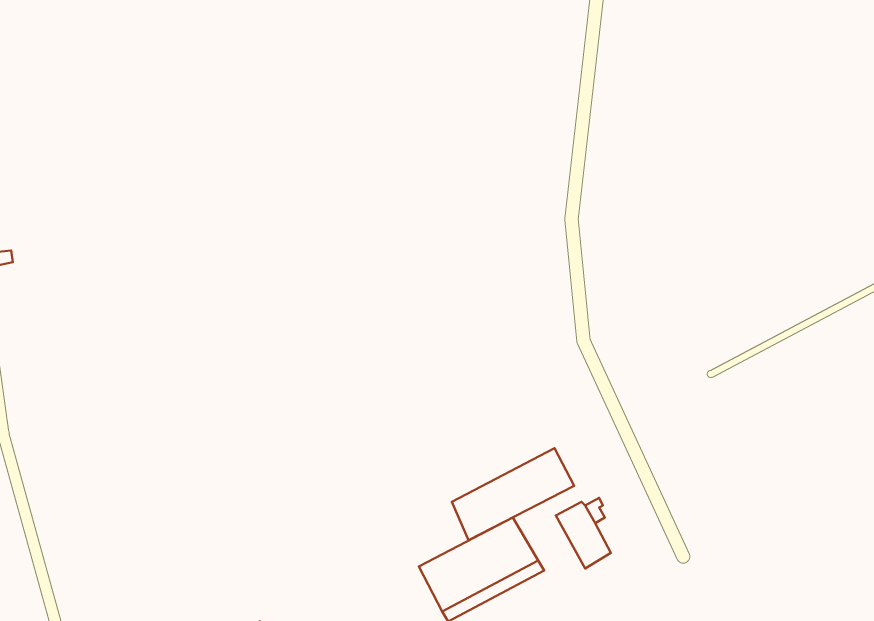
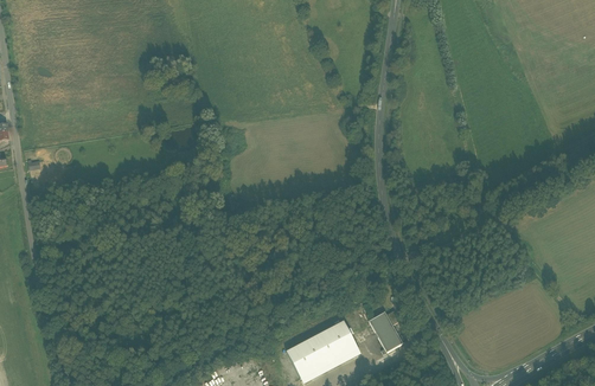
building: [452,448,574,540] -> none

